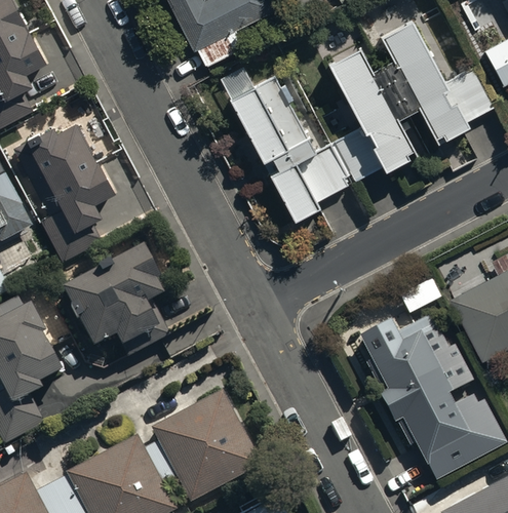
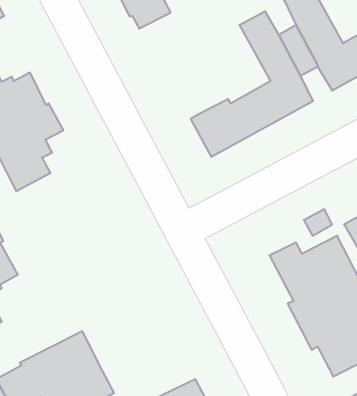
building: [228,84,313,173] -> none
building: [62,238,169,353] -> none
building: [146,388,261,499] -> none

